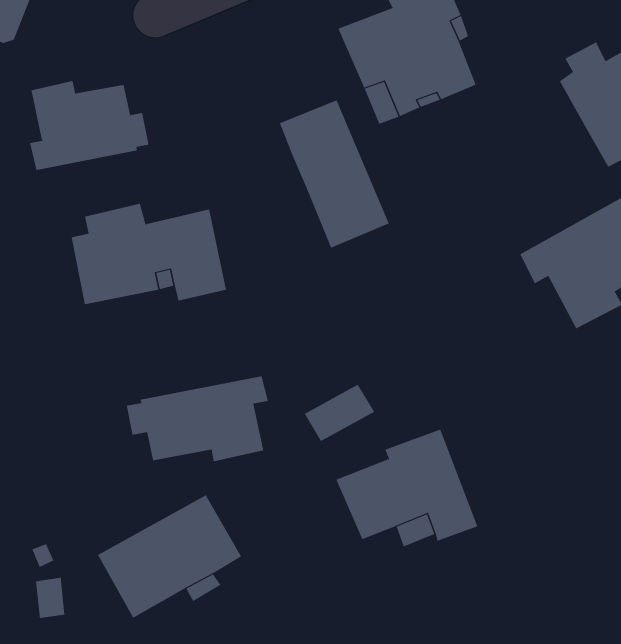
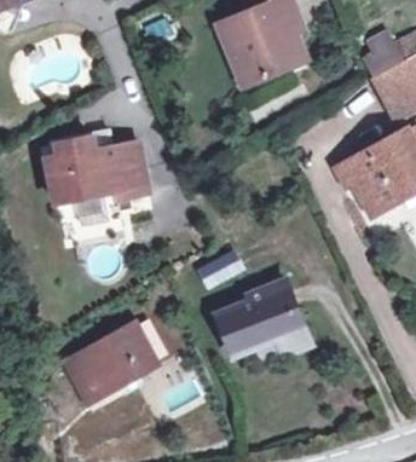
building: [30,80,149,171] -> none
building: [279,99,390,248] -> none
building: [126,376,268,462] -> none

